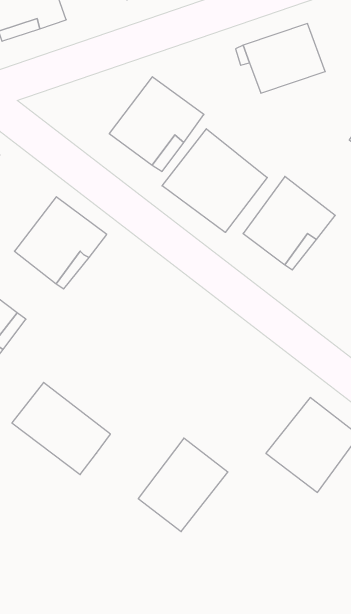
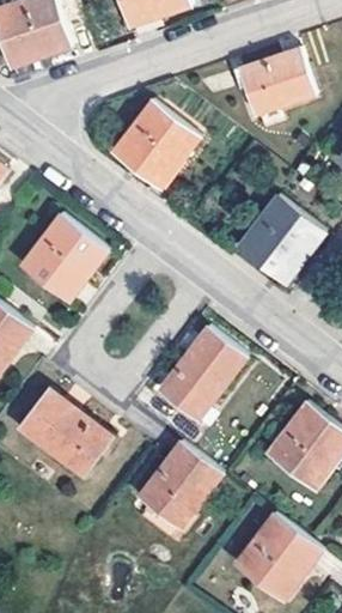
building: [162,129,267,232] -> none
building: none -> [158,326,246,420]
building: none -> [234,512,316,601]

